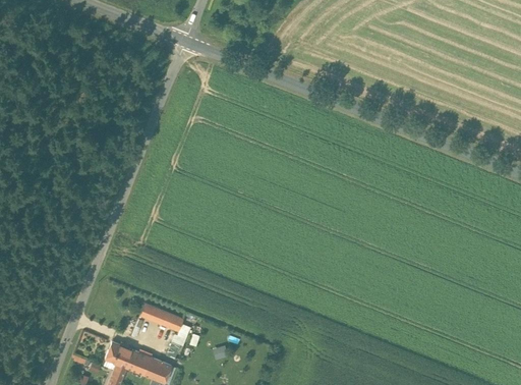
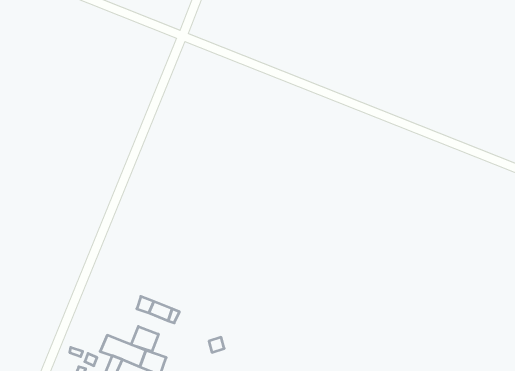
building: none -> [131,326,158,352]

